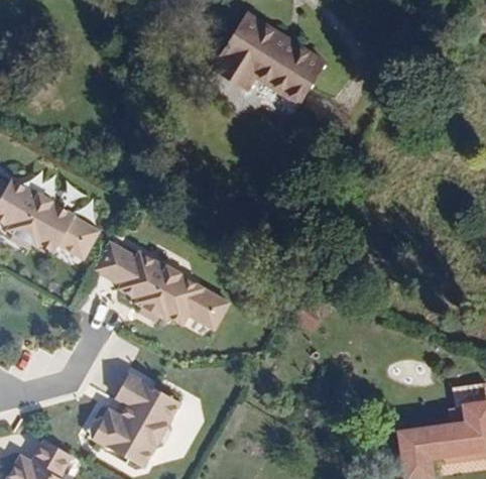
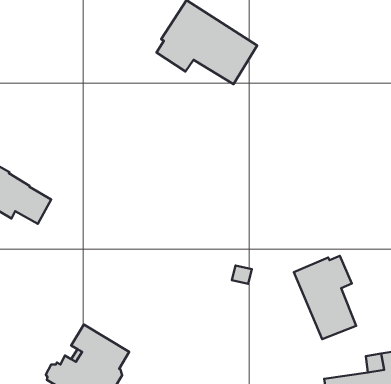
building: [93,243,227,330] -> none
building: none -> [294,256,356,339]

